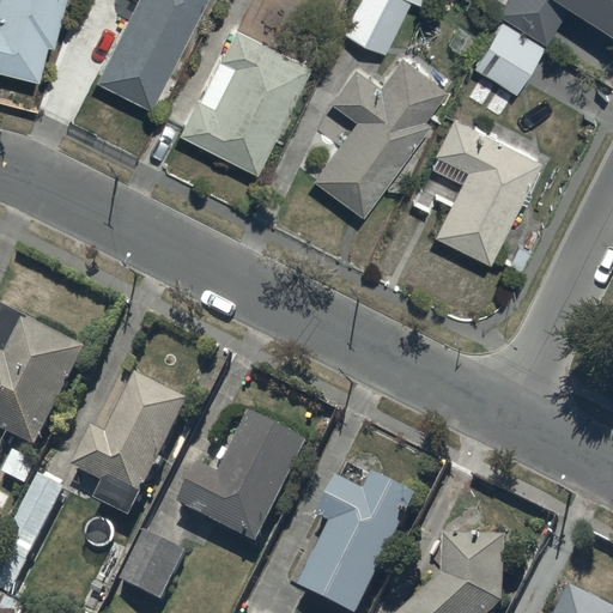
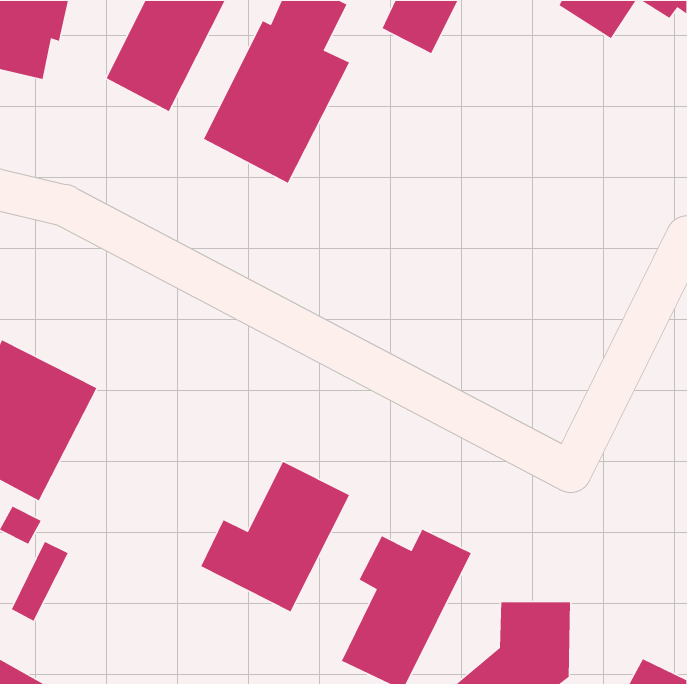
building: [472,20,544,92] -> none
building: [312,51,445,211] -> none
building: [429,110,540,260] -> none
building: [72,376,189,521] -> none
building: [116,533,184,603] -> none

